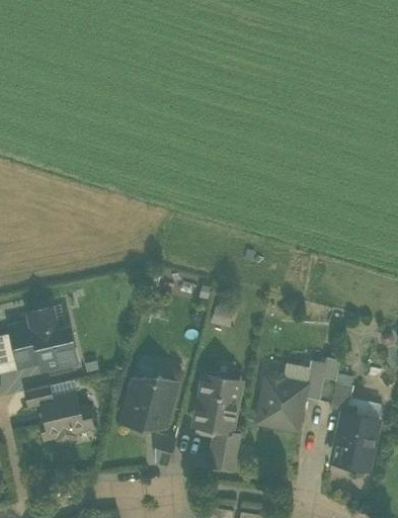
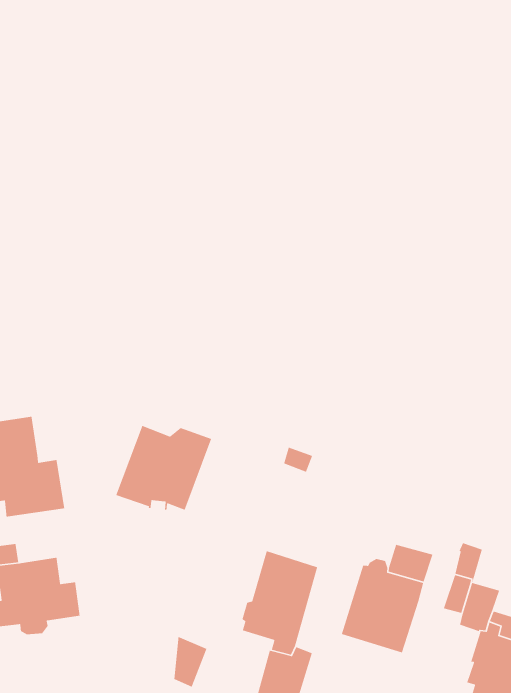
building: [304,361,326,401] -> none
building: [122,377,178,430] -> [115,425,212,511]

